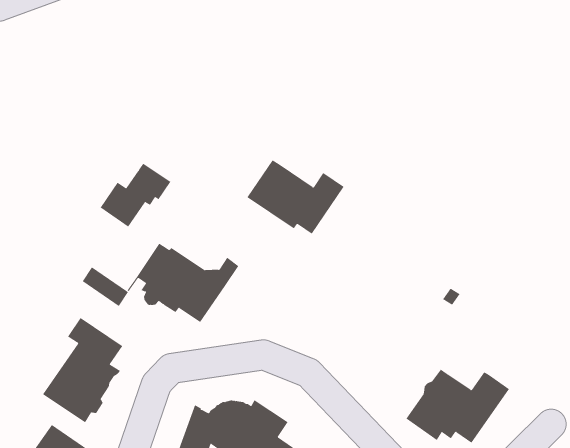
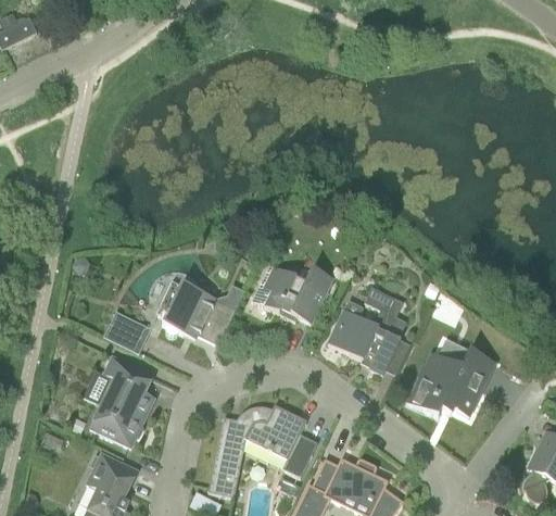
building: [247,160,344,234] -> [250,264,333,324]
building: [100,163,171,227] -> none
building: none -> [328,287,407,375]

